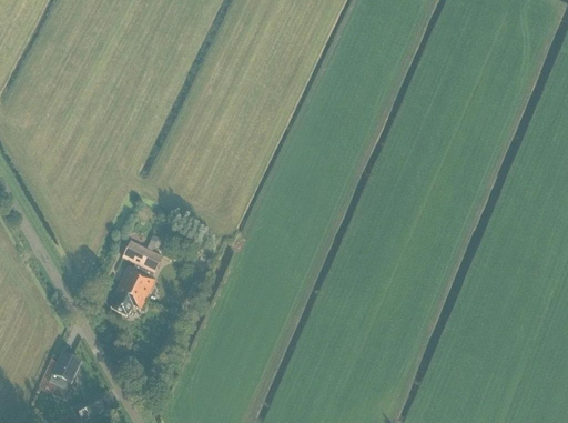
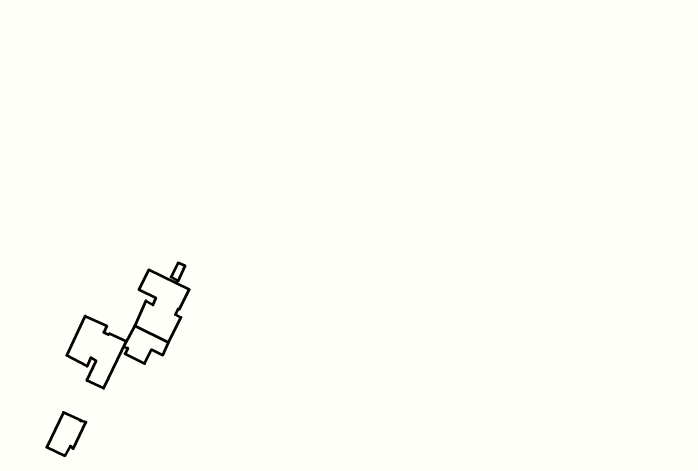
building: none -> [67,316,126,388]

